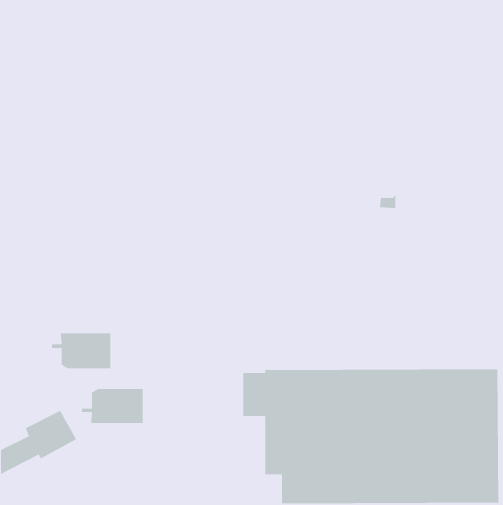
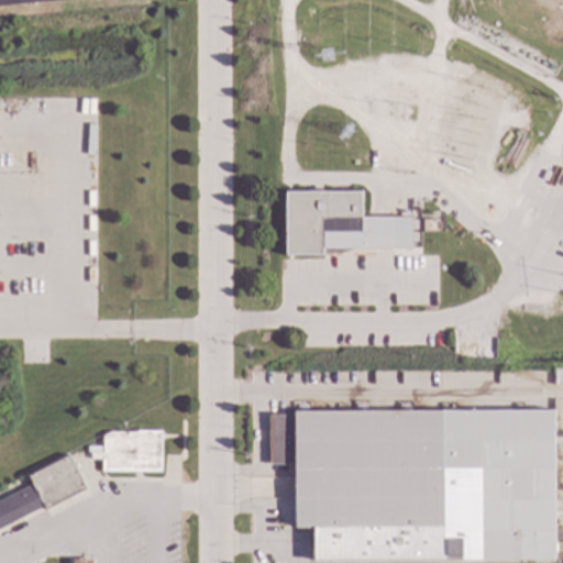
building: none -> [285,191,419,256]
building: [51,332,111,369] -> none

